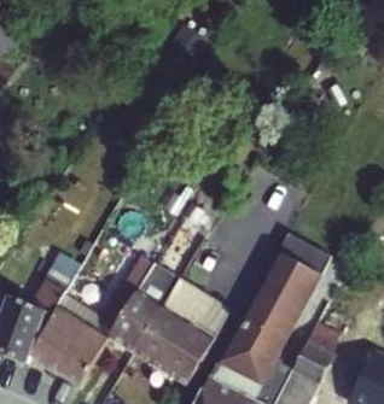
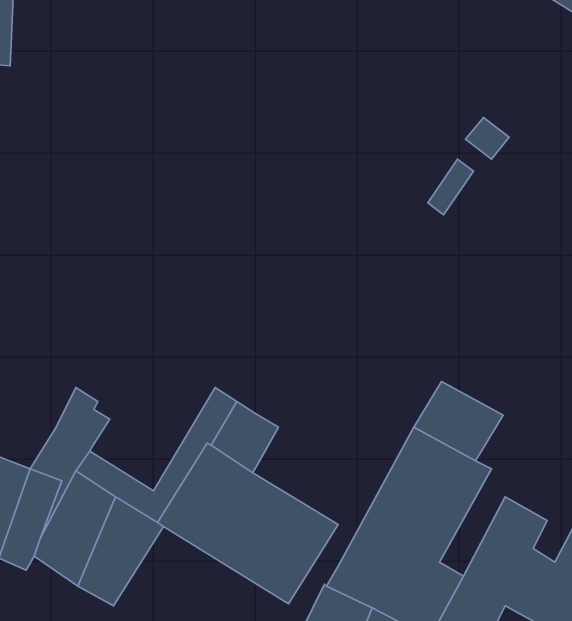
building: [279,232,332,304] -> none
building: [164,279,232,338] -> none

